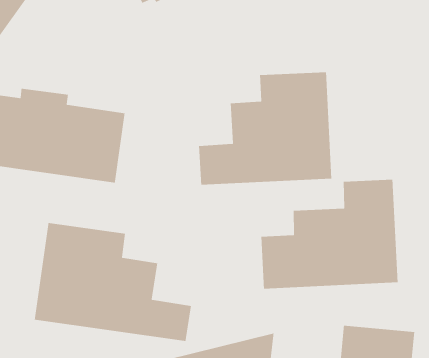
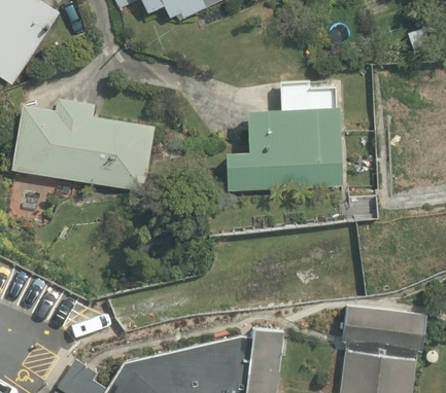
building: [261,179,399,290] -> none
building: [34,222,192,342] -> none

